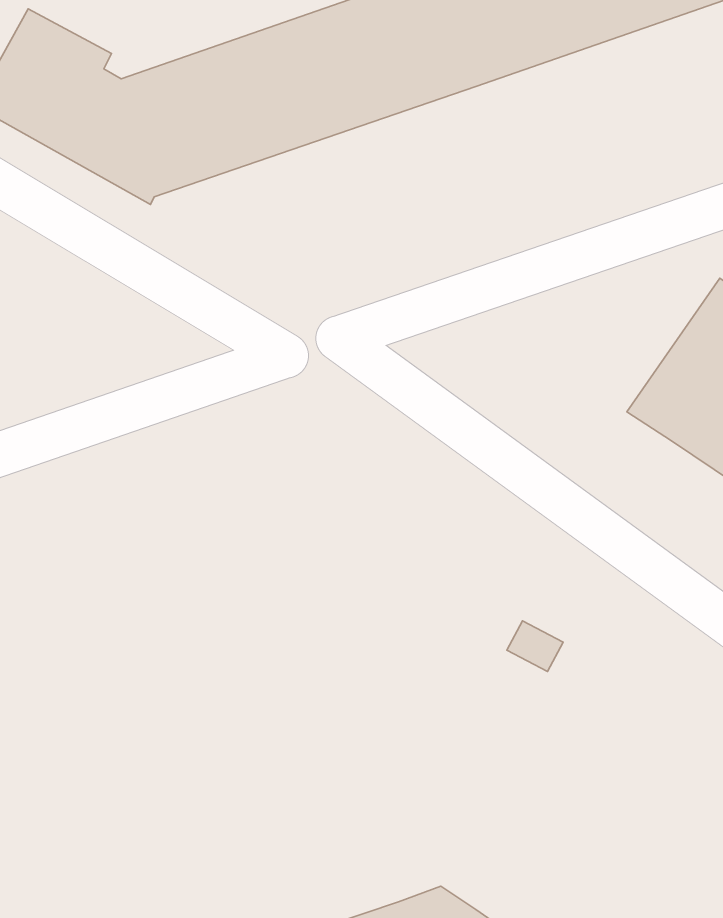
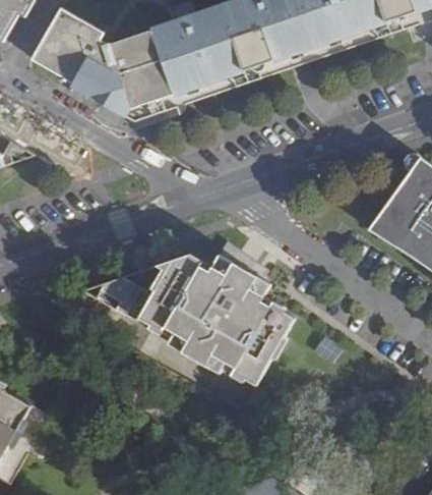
building: none -> [84,254,300,385]

